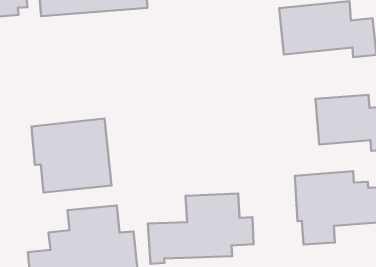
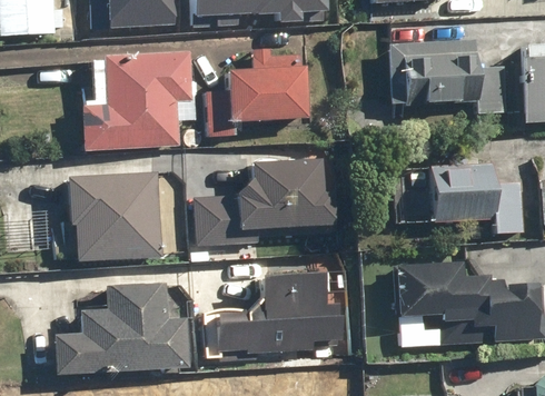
building: none -> [211,48,307,140]
building: none -> [83,50,199,150]
building: none -> [197,160,335,245]

